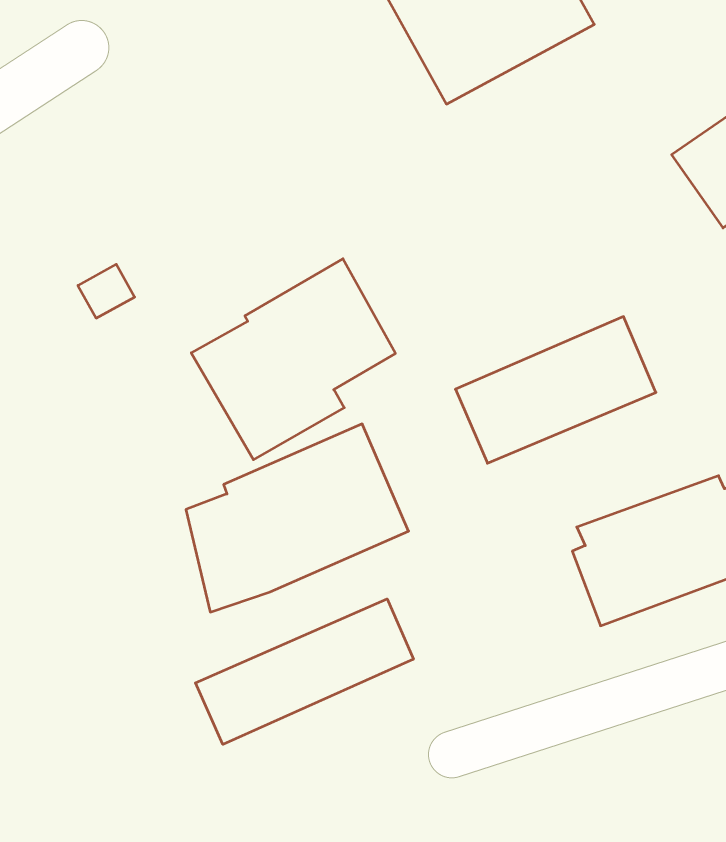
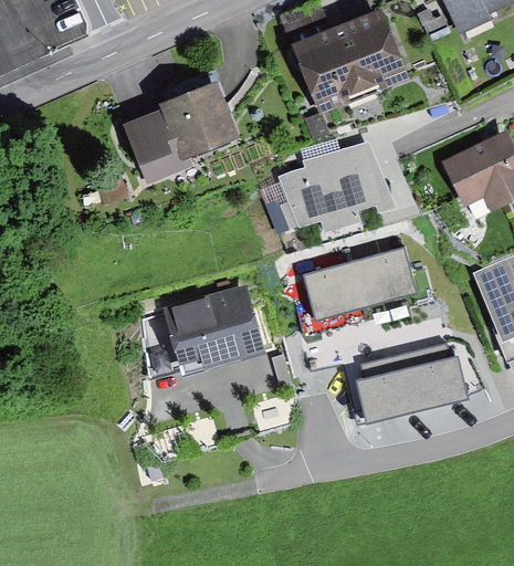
building: none -> [280,138,395,232]
building: [191,259,395,460] -> [125,78,240,185]
building: [195,599,413,744] -> none

